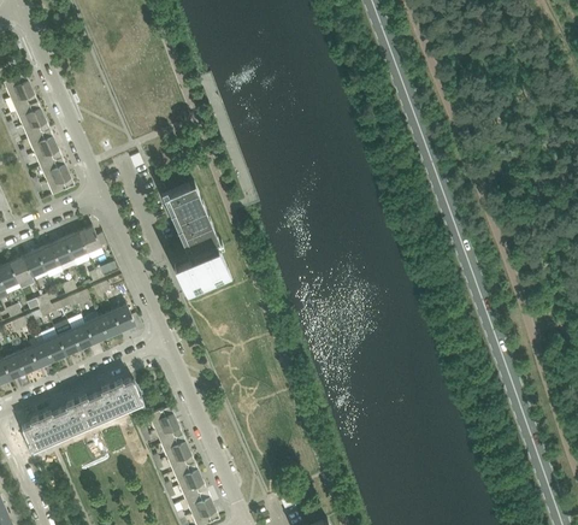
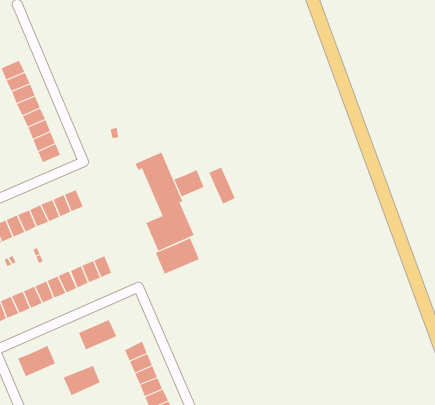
building: none -> [207,166,235,205]
building: none -> [174,169,205,197]
building: none -> [155,237,201,274]
building: [59,396,104,432] -> [63,365,101,396]

